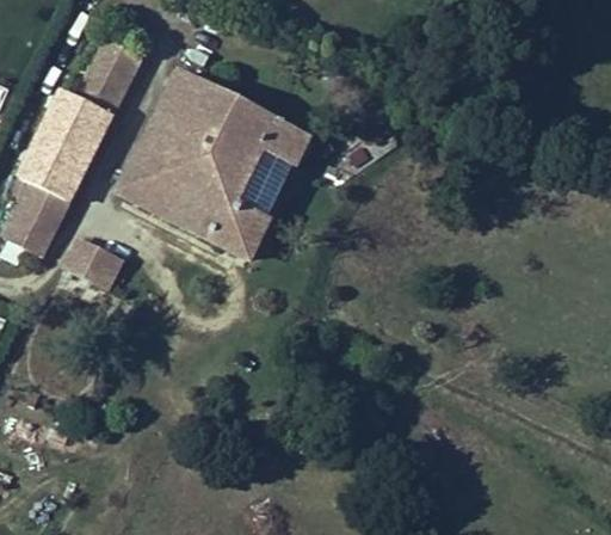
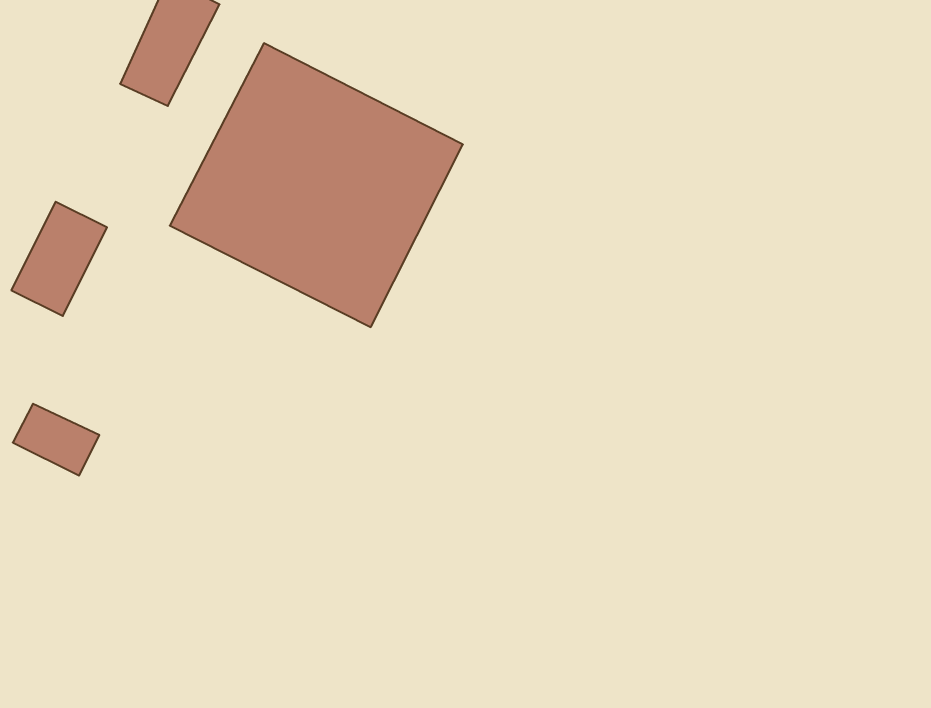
building: [29,88,115,190] -> none
building: [66,244,122,290] -> [13,404,99,476]

